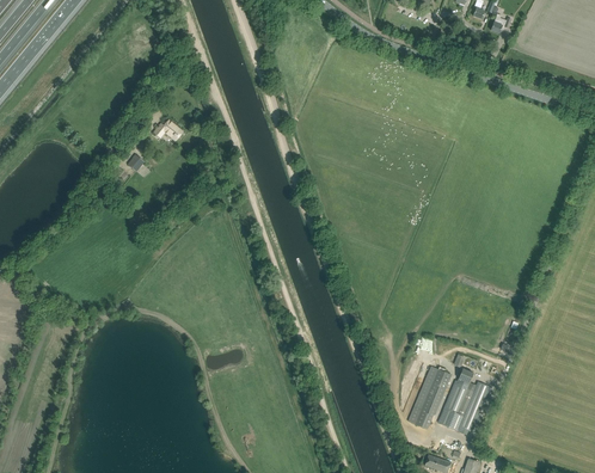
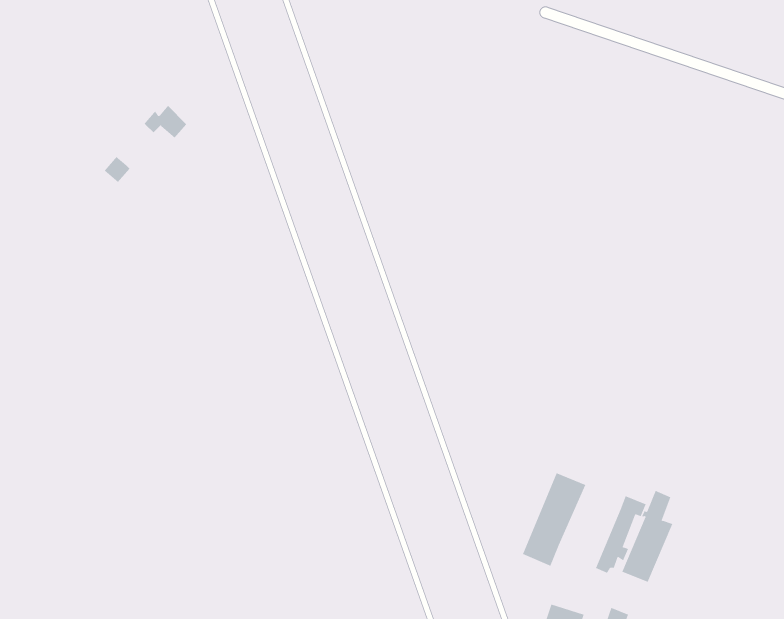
building: [440,368,474,430] -> [622,490,673,582]

